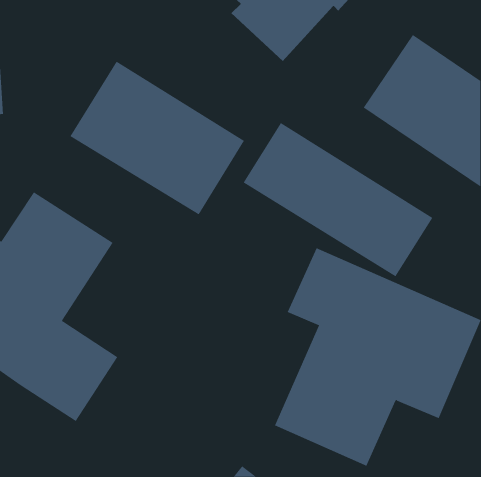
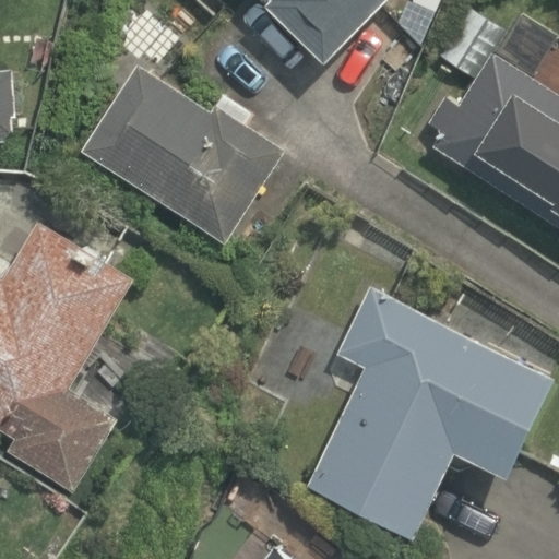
building: [243,122,433,277] -> none

